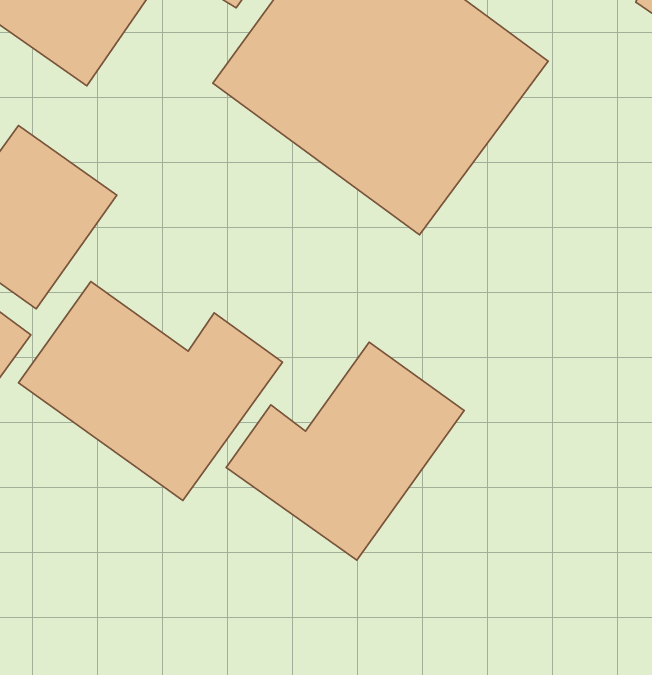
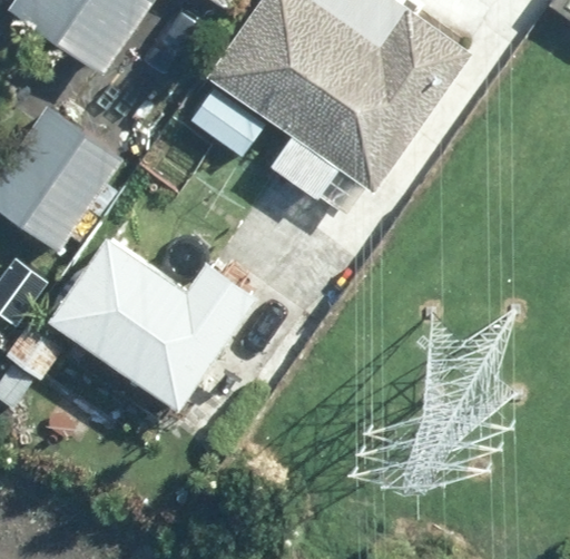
building: [226,342,464,560] -> none

